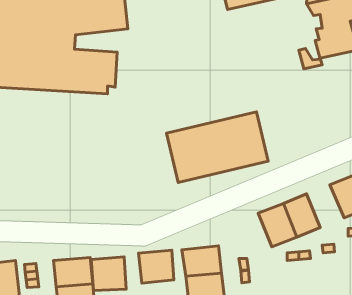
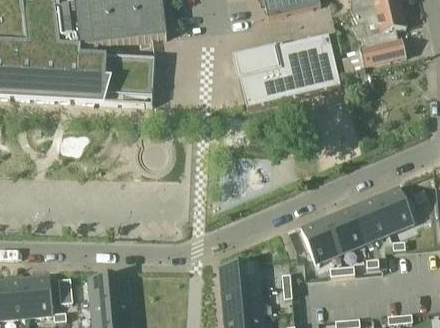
building: [167,112,268,182] -> [235,33,340,106]
building: none -> [350,197,389,241]
building: [139,250,174,283] -> none
building: [91,257,126,290] -> none

